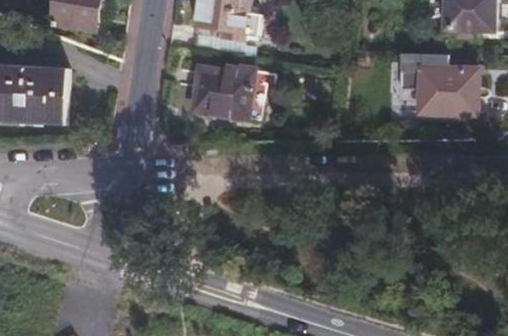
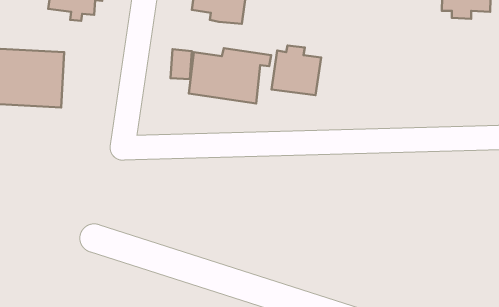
building: [391,51,479,113] -> none
building: none -> [271,45,321,95]

